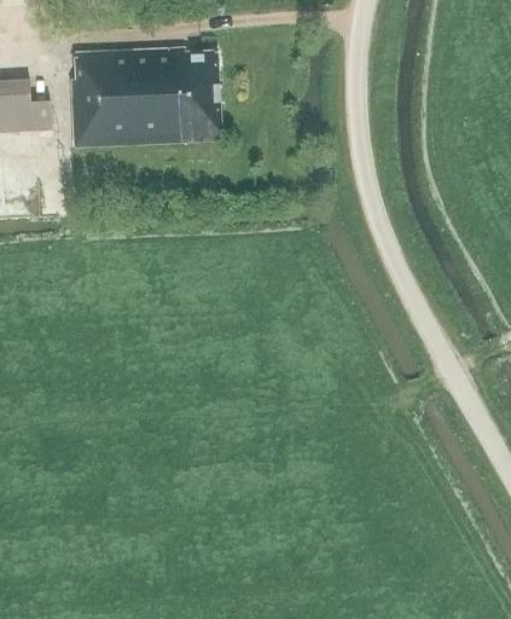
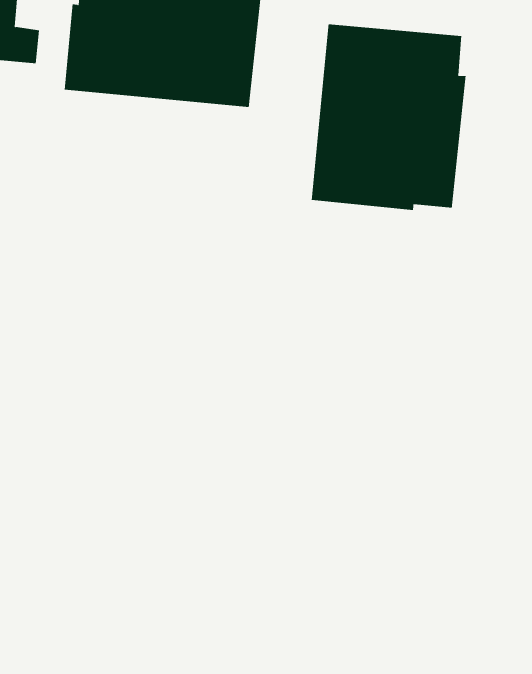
building: none -> [311,24,466,211]

